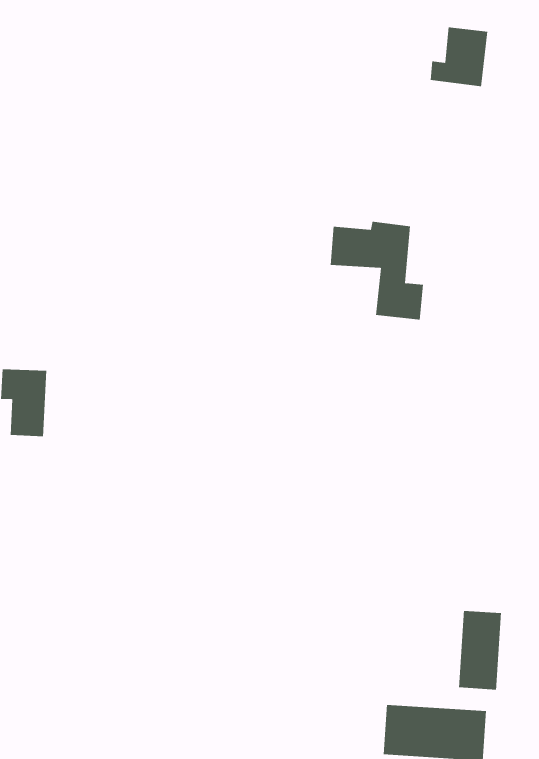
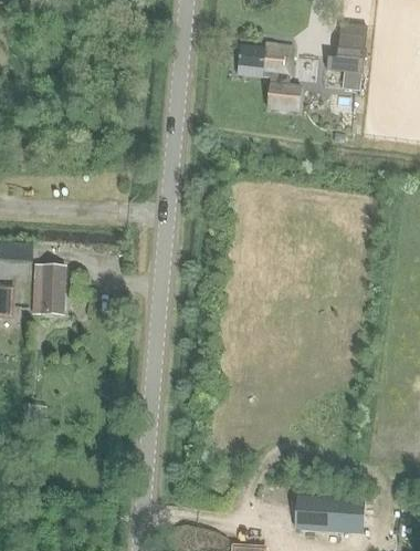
building: [330,221,424,320] -> [237,42,301,110]
building: [459,610,502,690] -> none

